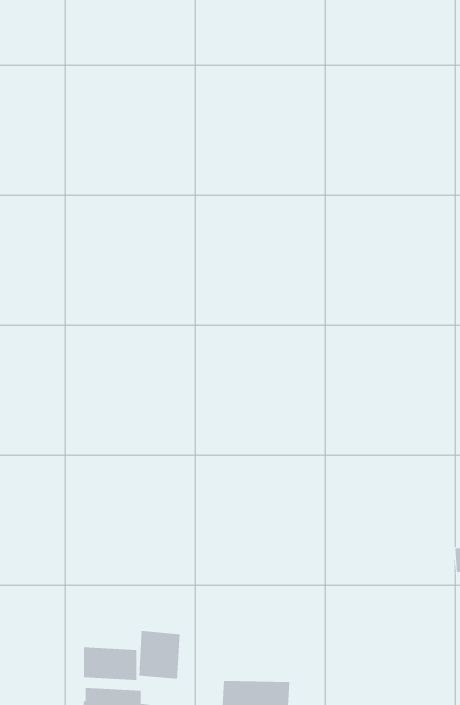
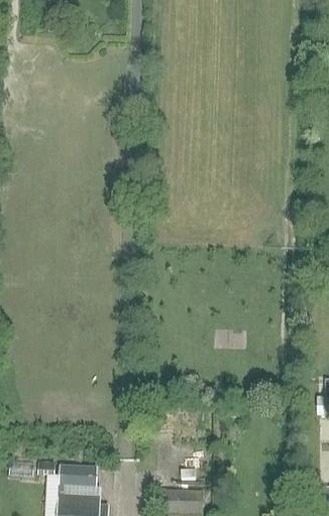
building: [139,630,180,680] -> none

